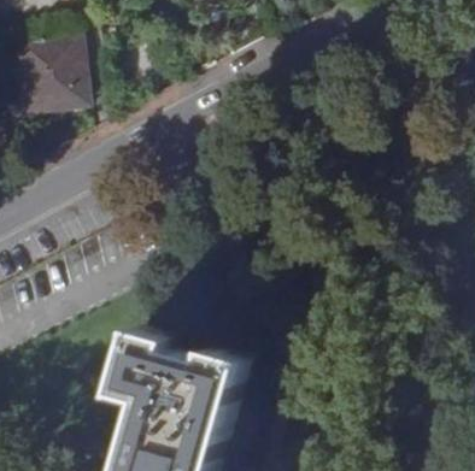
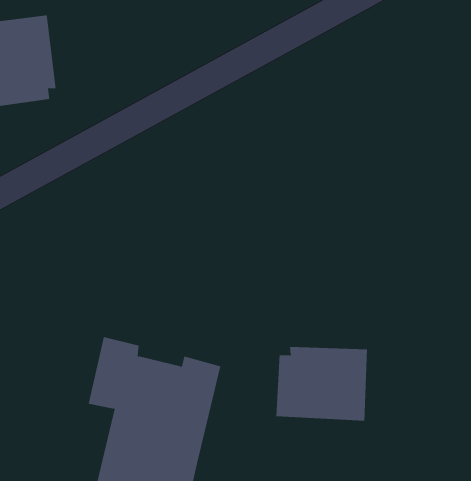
building: none -> [276,346,367,422]

